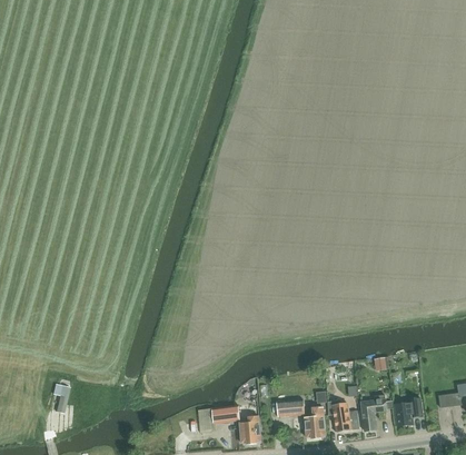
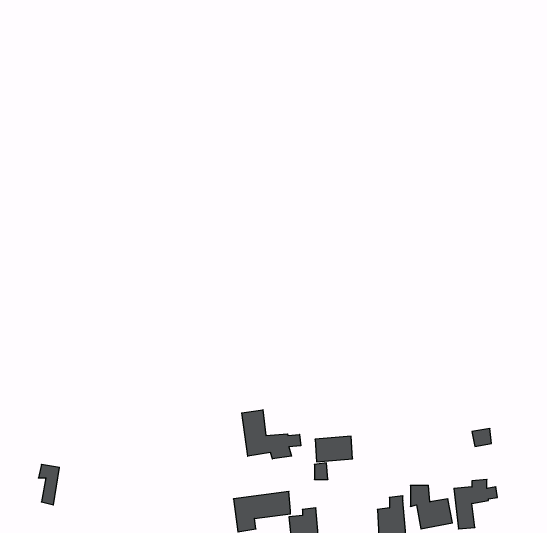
building: none -> [242,410,301,459]
building: [276,398,304,417] -> [315,436,353,462]
building: [394,398,423,427] -> none

